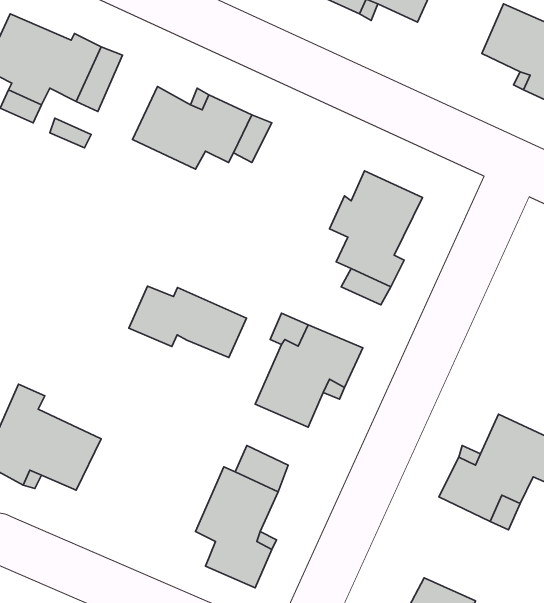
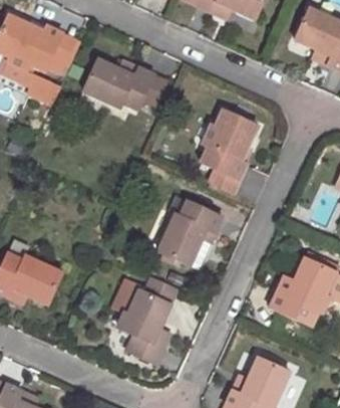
building: [129,286,246,357] -> none

